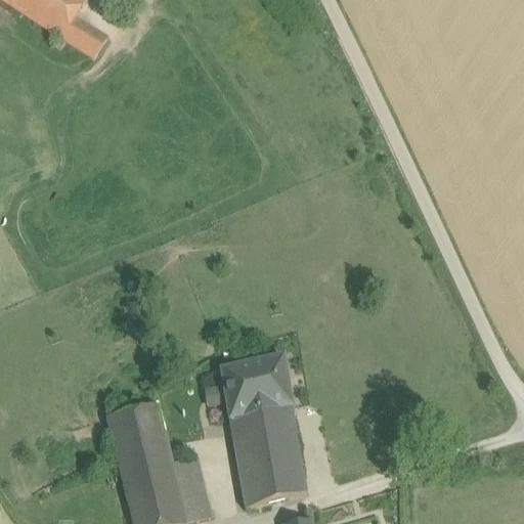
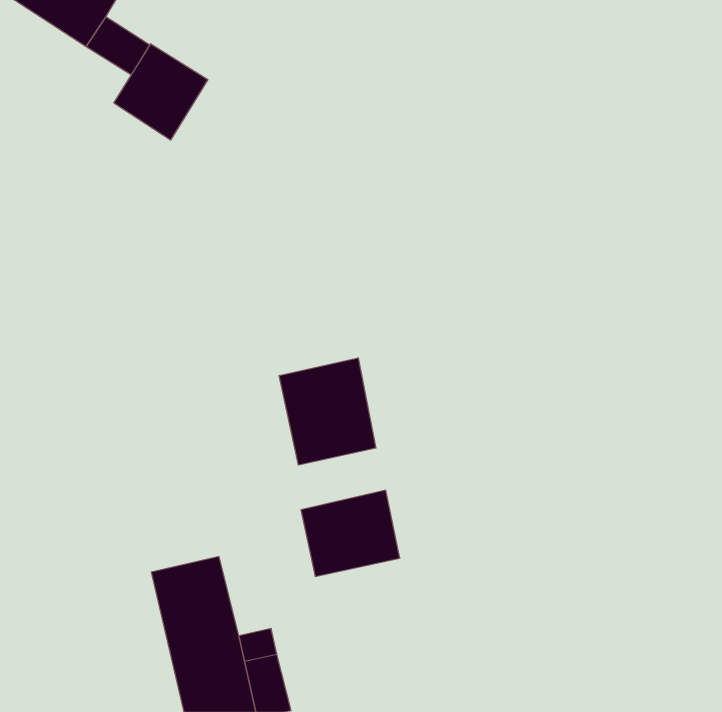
building: none -> [114,44,208,140]
building: none -> [279,358,376,465]
building: [228,404,305,505] -> none

